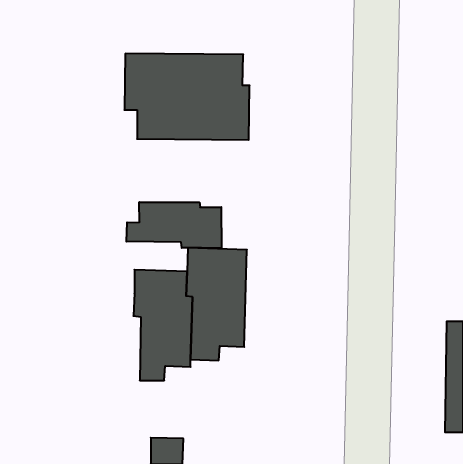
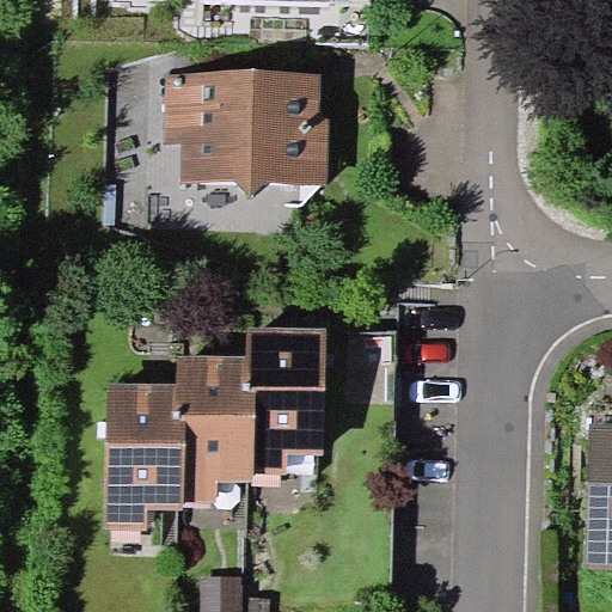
building: [126,202,222,248] -> none
building: none -> [104,384,185,531]

